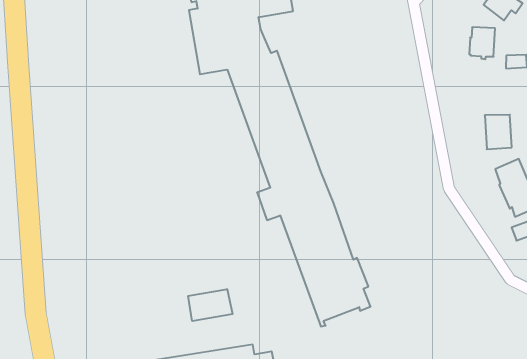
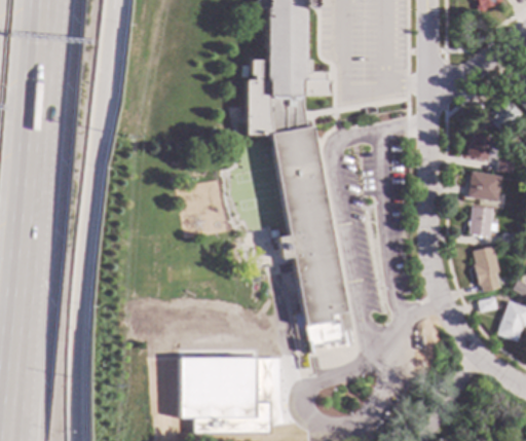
building: none -> [469,170,503,200]
building: [188,289,233,321] -> none

